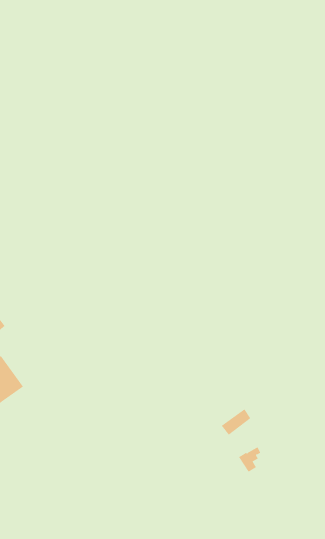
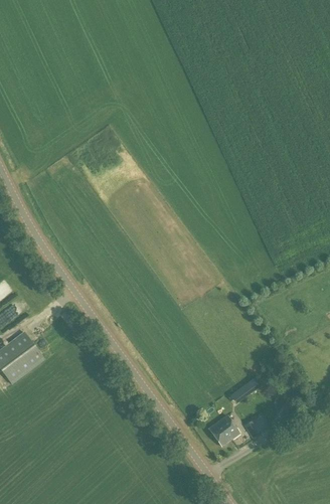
building: none -> [208,414,239,446]

